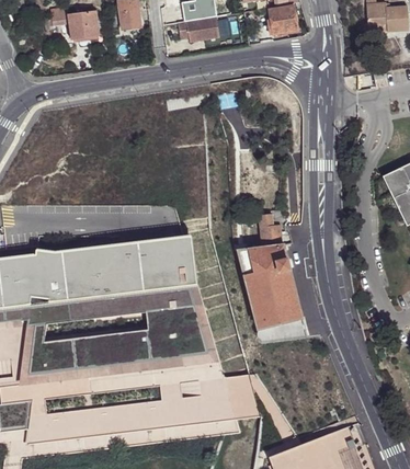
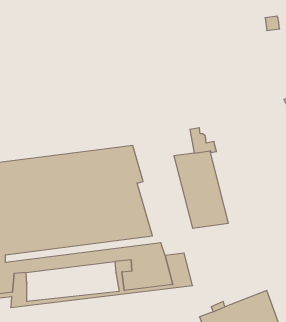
building: [21,282,220,386] -> none
building: [48,399,167,436] -> none

